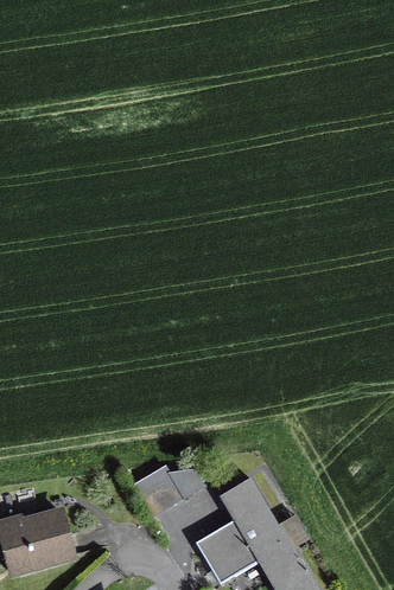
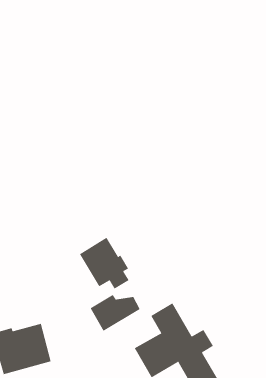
building: none -> [79,237,130,290]

